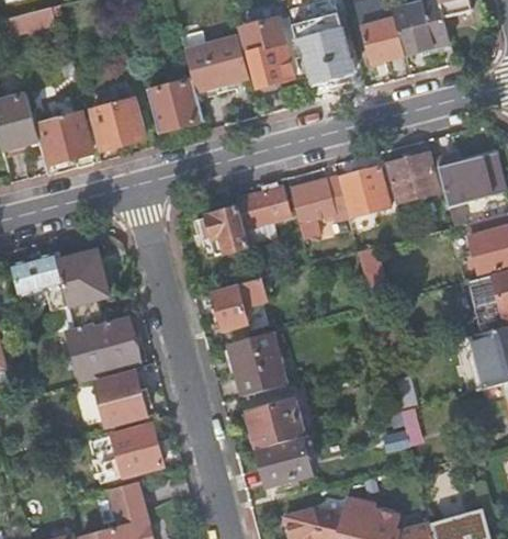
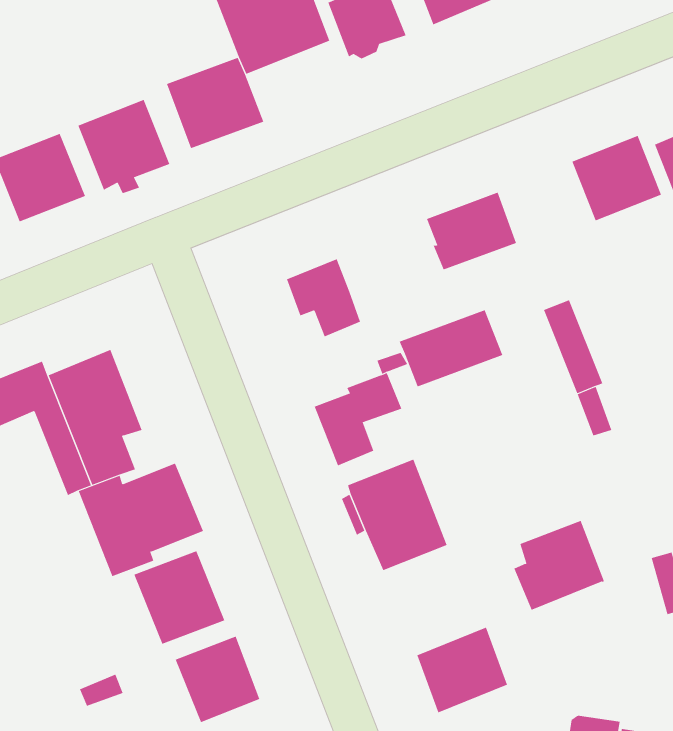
building: [338,168,390,218] -> none
building: [235,187,296,228] -> [399,309,503,387]
building: [249,400,303,450] -> [513,520,605,610]

